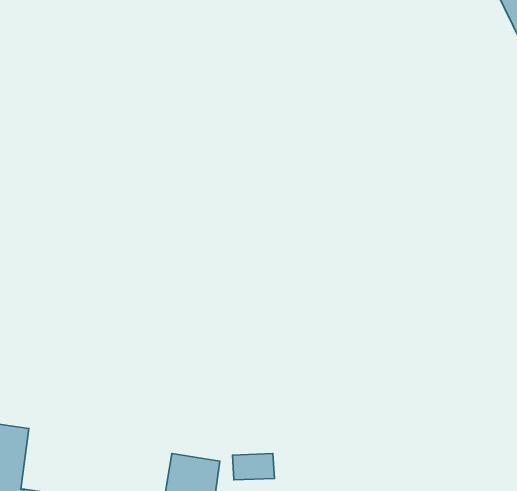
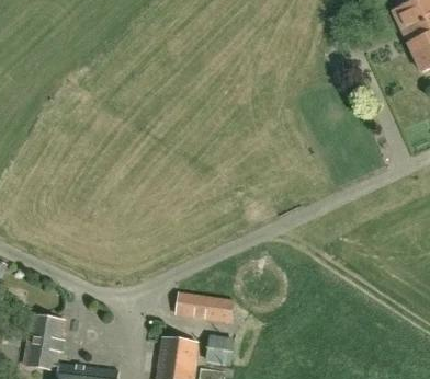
building: none -> [178,294,235,321]

